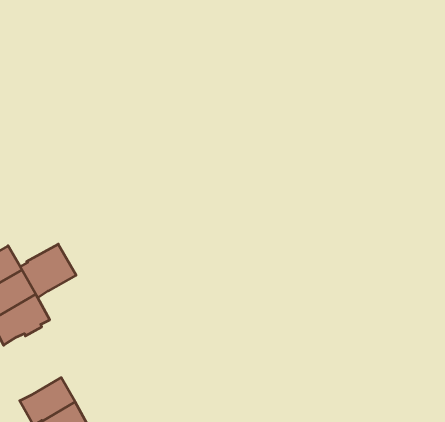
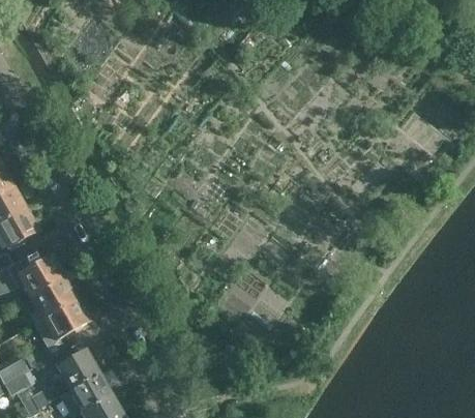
building: [20,244,76,298] -> none
building: none -> [60,351,99,389]

